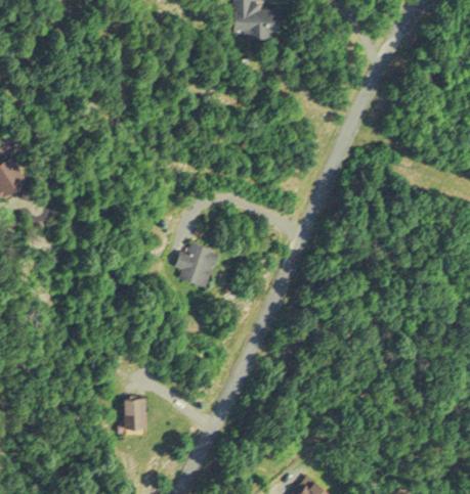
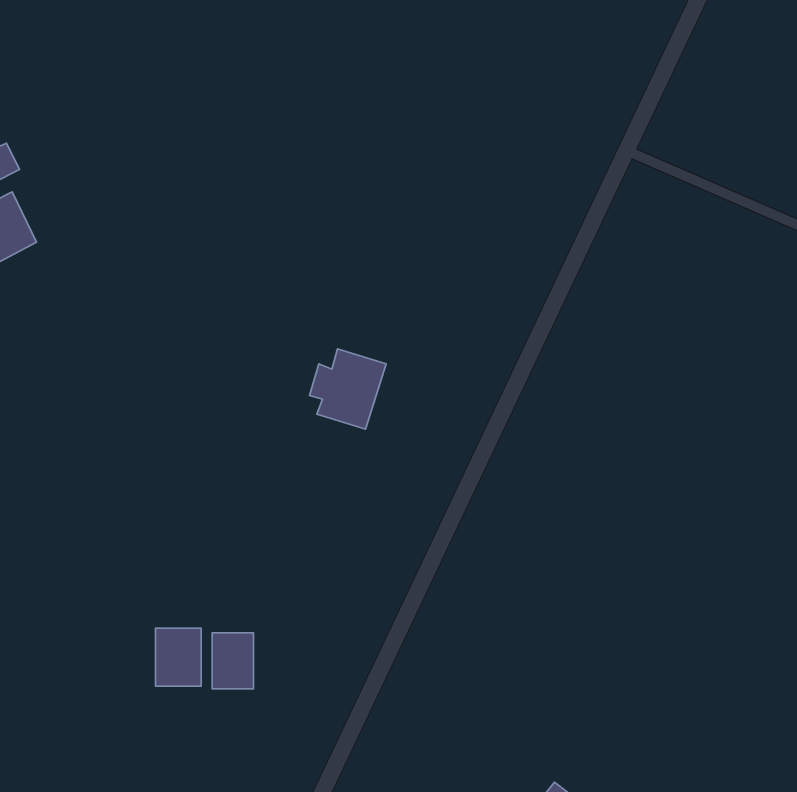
building: none -> [155,628,201,686]

